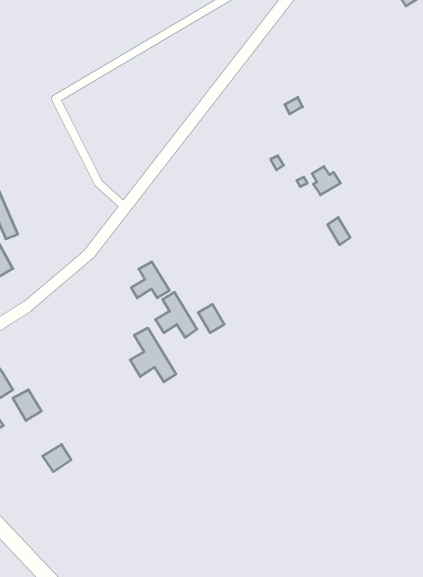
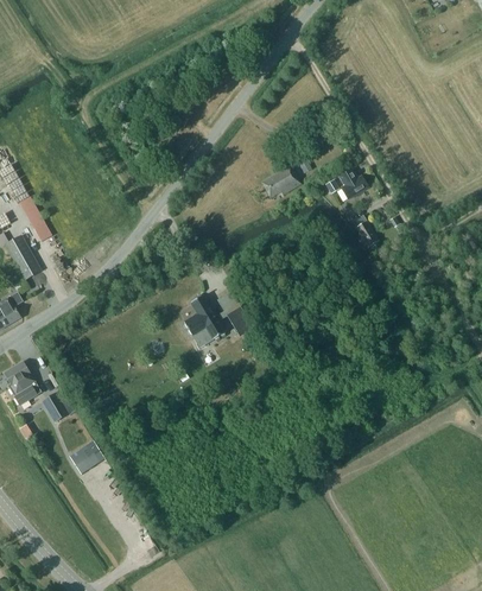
building: none -> [261,165,302,196]
building: [131,262,169,298] -> none
building: [130,328,176,382] -> none

